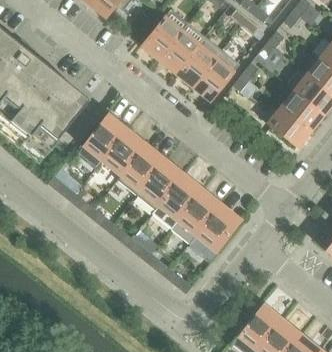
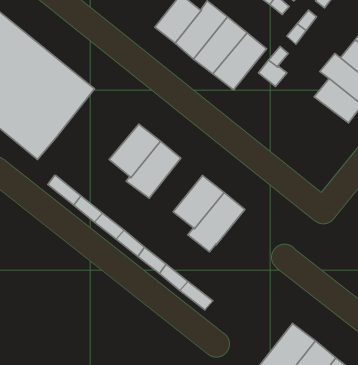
building: [268,106,312,147] -> none
building: [78,114,128,168] -> none
building: [137,160,184,210] -> none
building: [196,205,241,251] -> none

